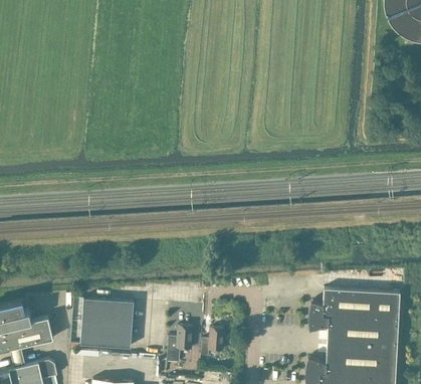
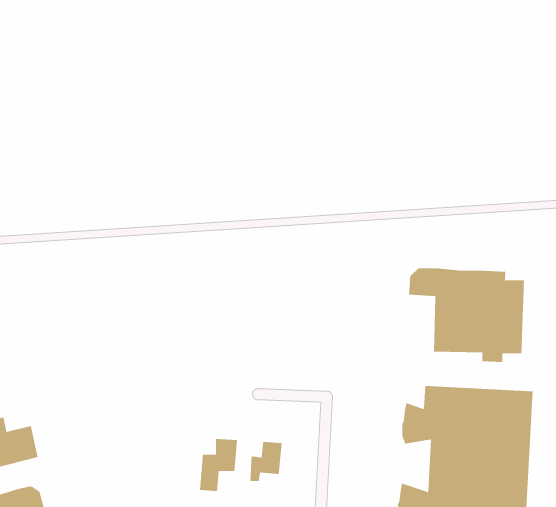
building: none -> [408,267,525,363]
building: [80,300,134,349] -> none

